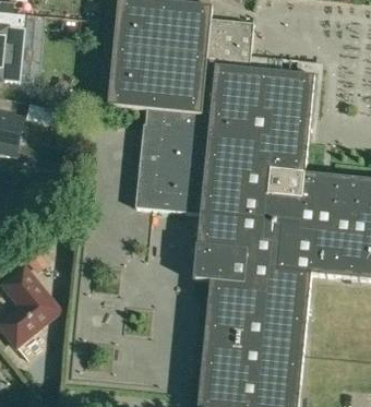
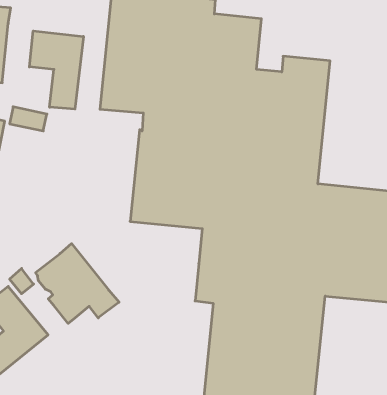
building: none -> [29,31,83,109]
building: none -> [36,244,119,323]

